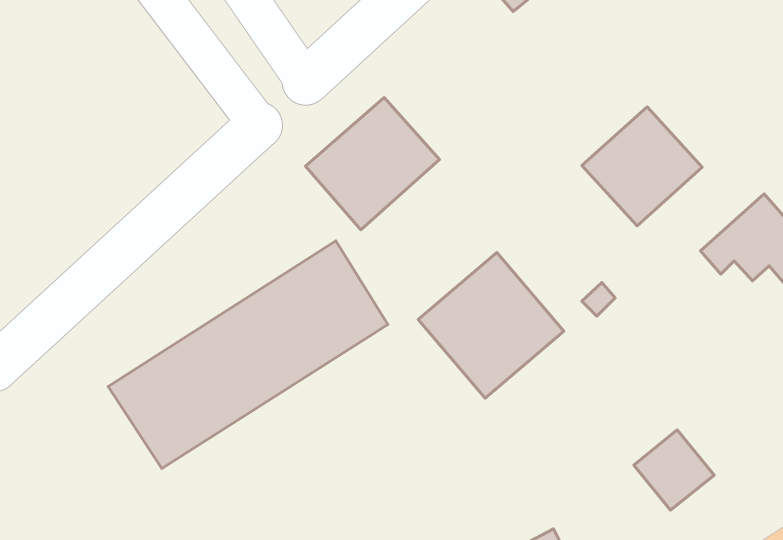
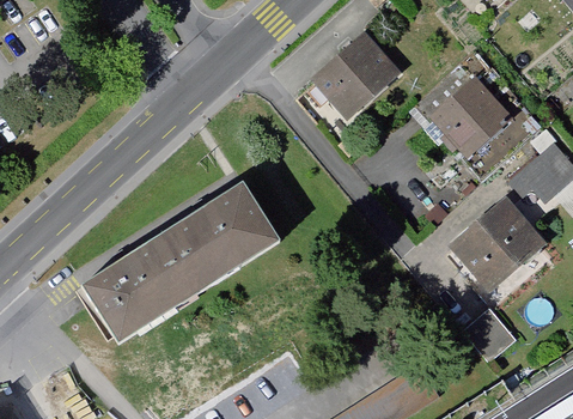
building: [305,97,439,230] -> [307,25,403,120]
building: [418,253,564,398] -> [444,193,548,297]

